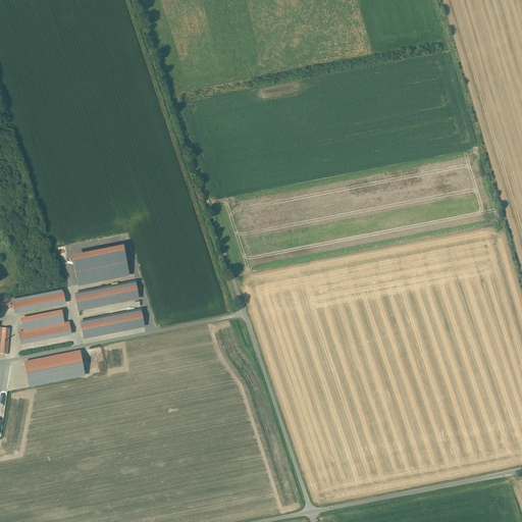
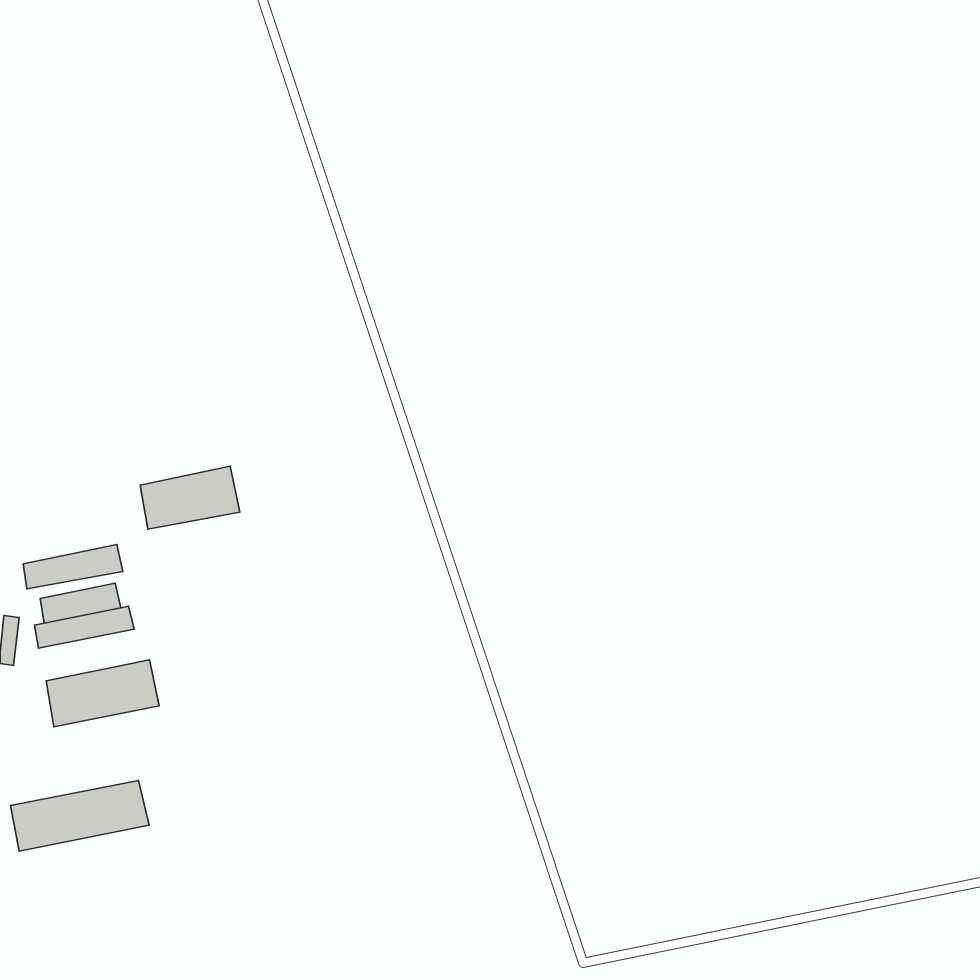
building: [74,282,138,308] -> none
building: [81,310,144,335] -> none
building: none -> [10,780,149,851]

